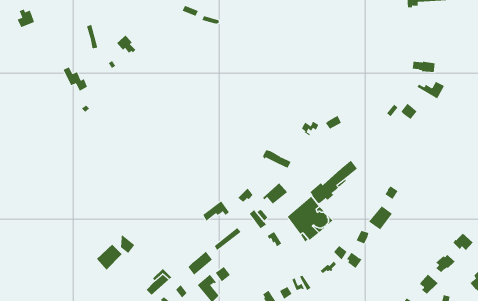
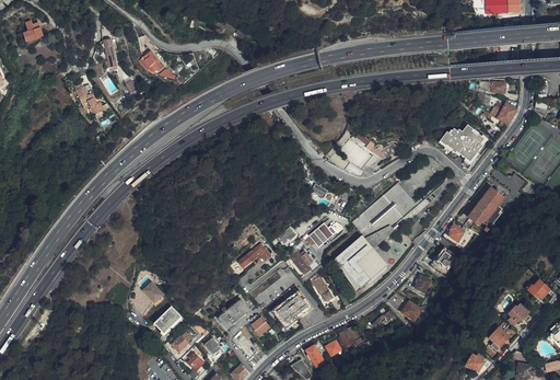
building: none -> [352,183,409,232]
building: none -> [464,187,505,232]
building: none -> [273,290,313,329]
building: [96,244,123,270] -> [153,306,184,336]

